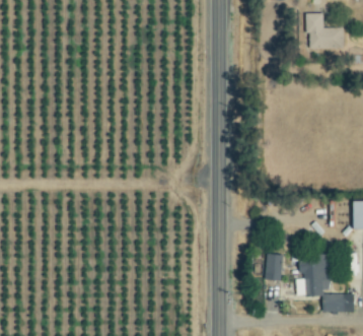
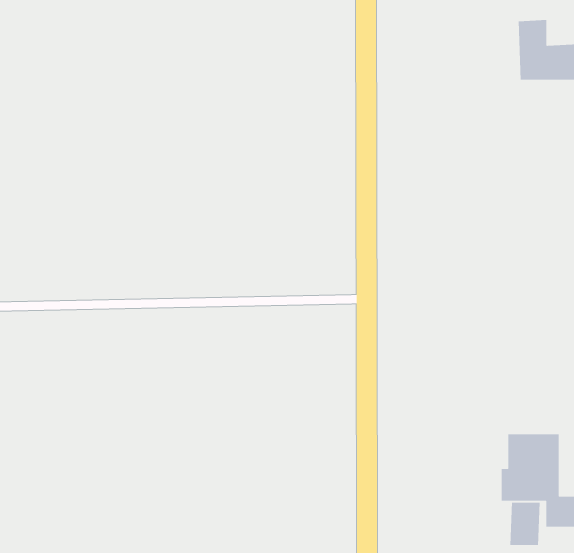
building: [265,254,283,279] -> [510,502,541,545]

